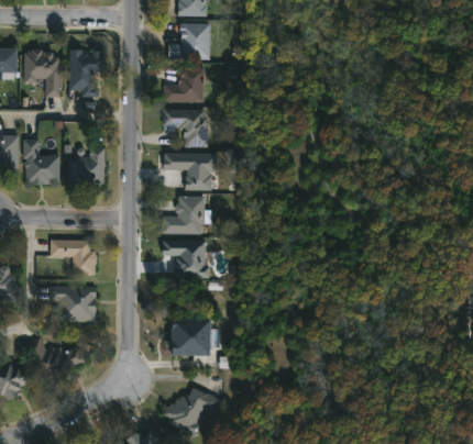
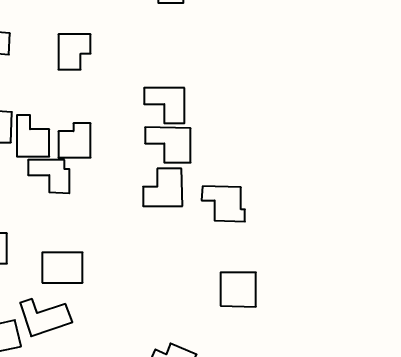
building: [167,23,209,59] -> none
building: [24,49,61,97] -> none
building: [163,69,204,102] -> none
building: [51,240,96,276] -> [28,160,69,193]
building: [163,242,210,280] -> [202,186,245,222]
building: [173,320,211,357] -> [221,272,256,307]

